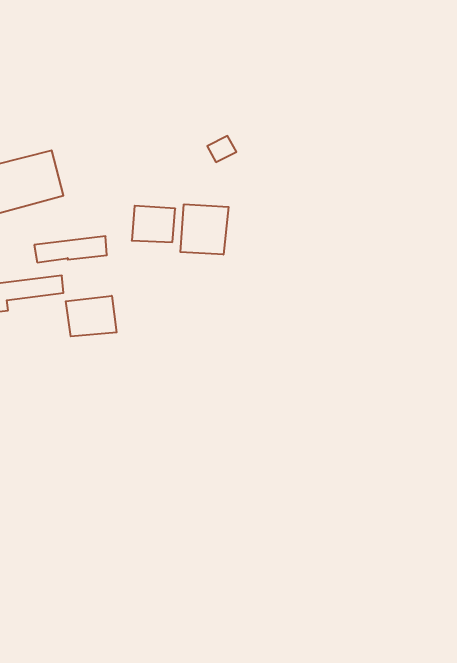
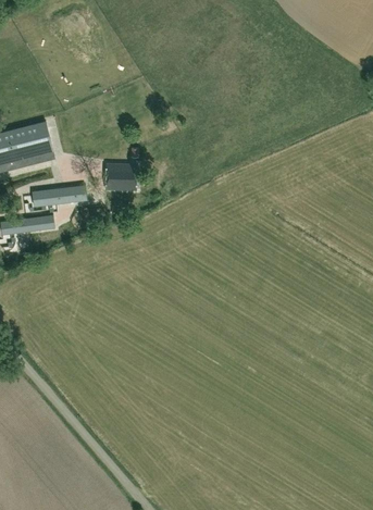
building: [180,204,229,255] -> none
building: [66,296,117,336] -> none

